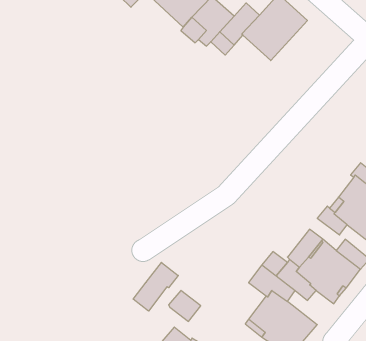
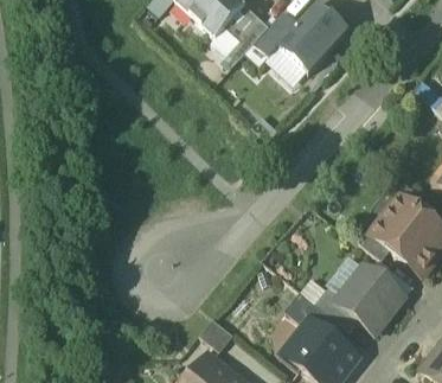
building: [133,262,178,311] -> none

